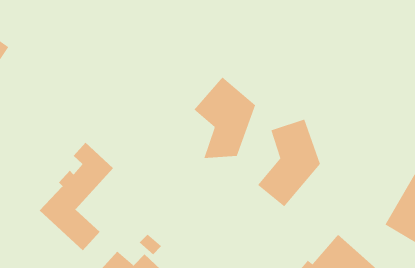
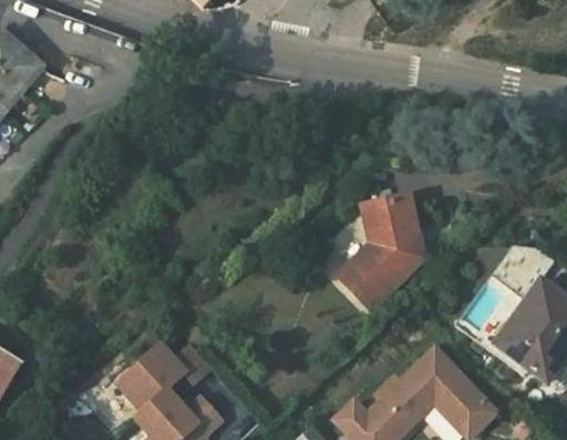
building: [194,76,256,159] -> none
building: [39,142,114,251] -> none

